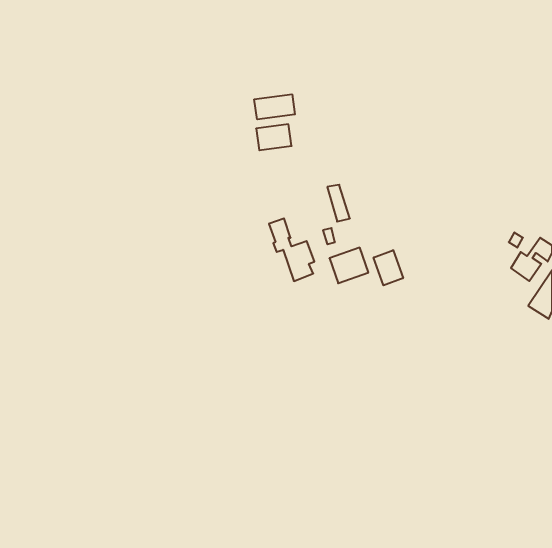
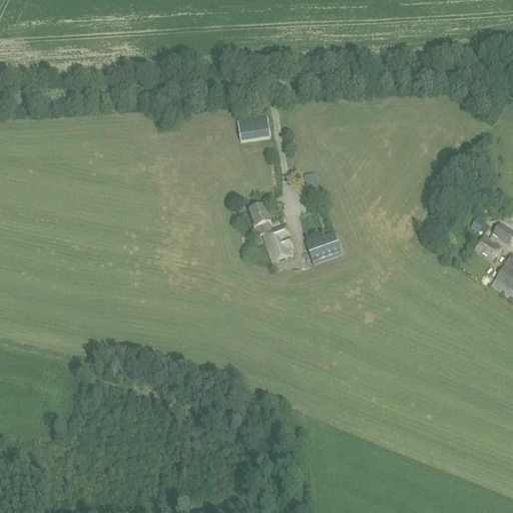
building: [254,94,295,119] -> none
building: [374,250,403,285] -> none

